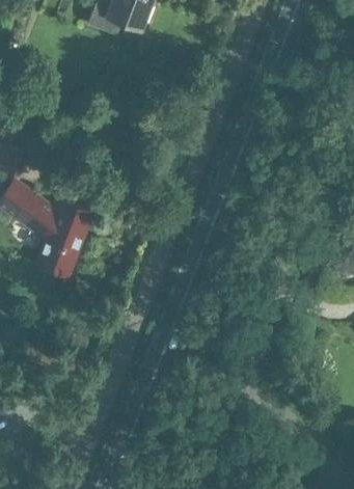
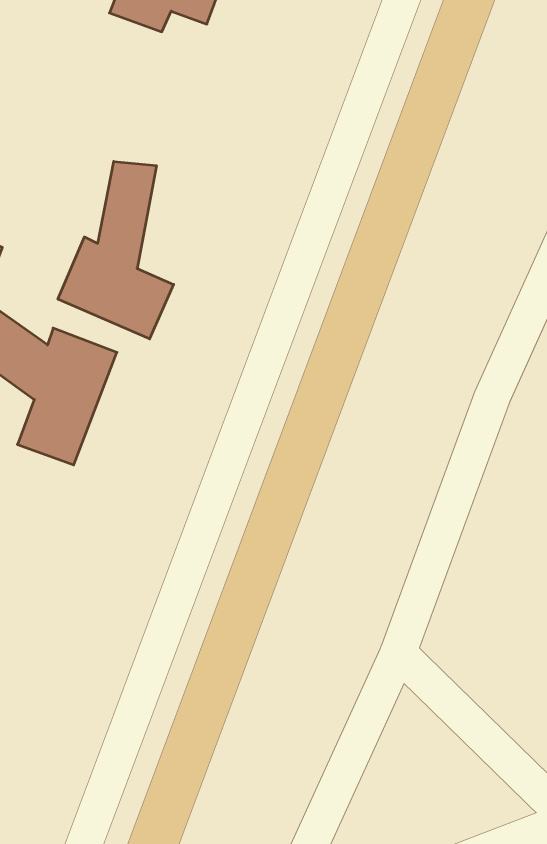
building: none -> [58,161,174,339]

